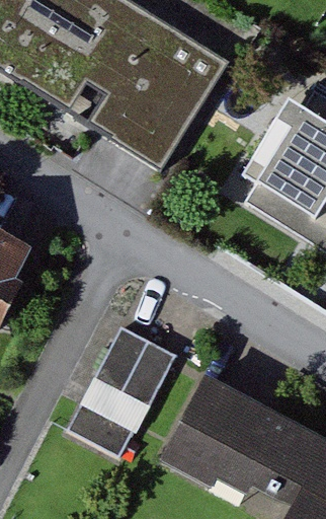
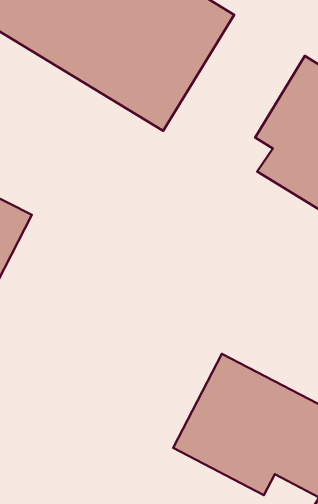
building: [72,321,182,455] -> none

